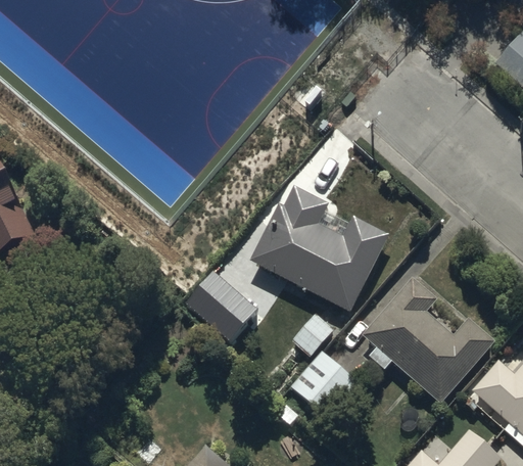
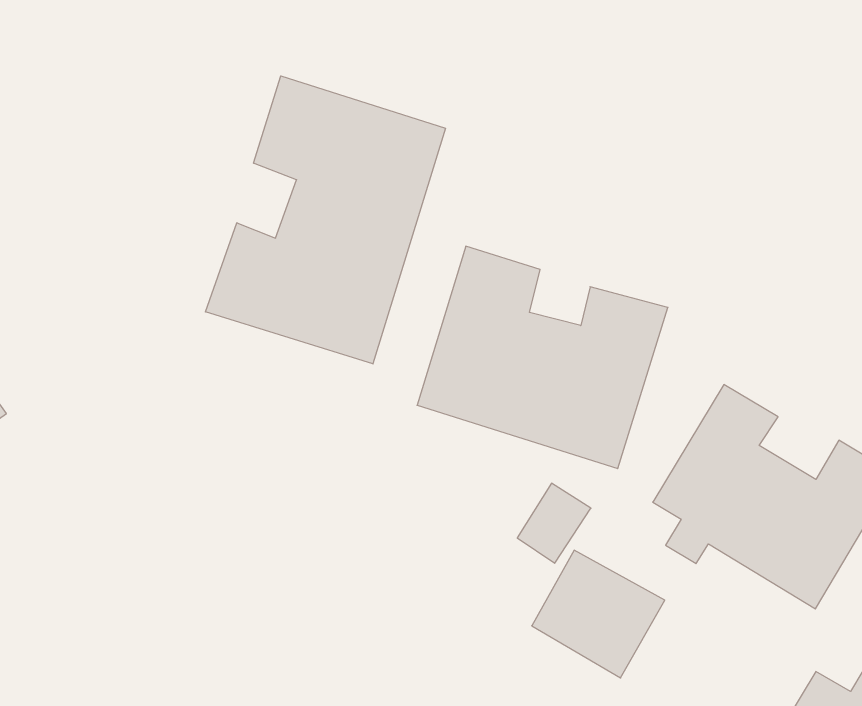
building: none -> [205,76,445,364]
building: [197,271,259,324] -> none

